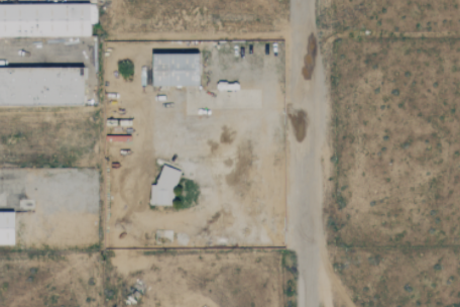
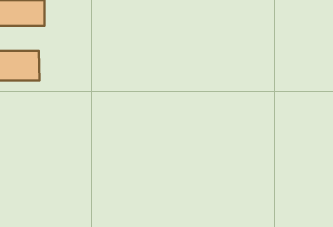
building: [152,55,199,87] -> none
building: [149,167,180,206] -> none

